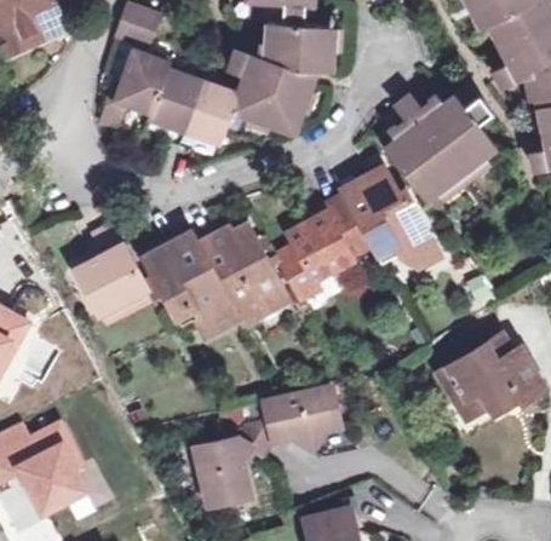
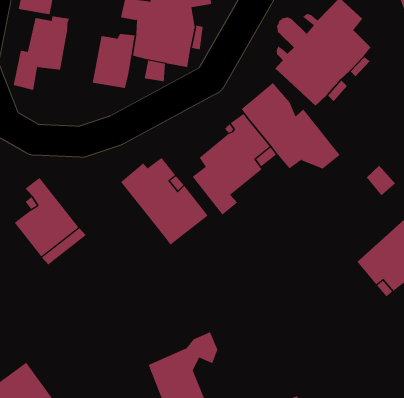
building: [151,63,203,132] -> none
building: [143,231,236,326] -> none
building: [263,387,335,449] -> none

